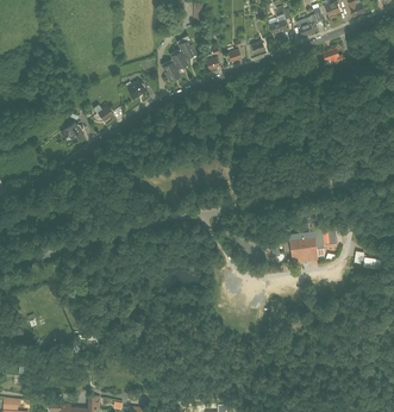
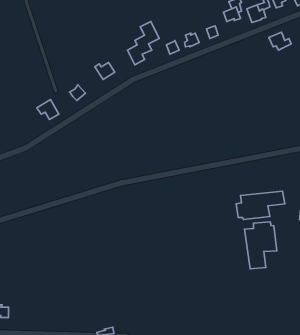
building: none -> [245,222,277,269]

